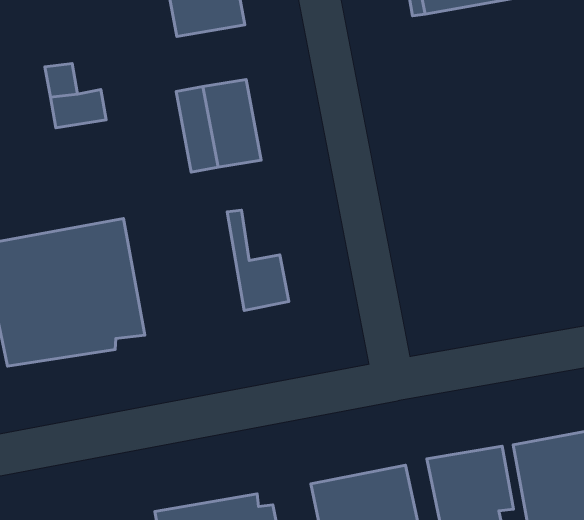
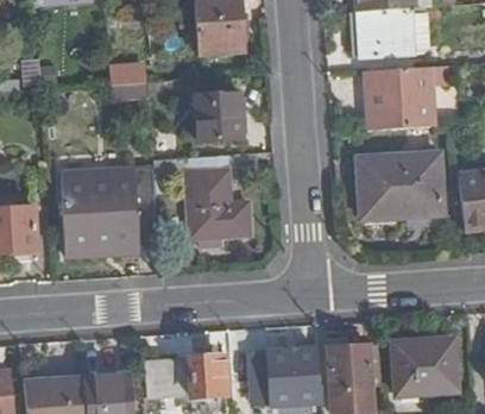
building: none -> [365,65,437,128]
building: none -> [360,149,443,215]
building: none -> [184,170,223,247]

